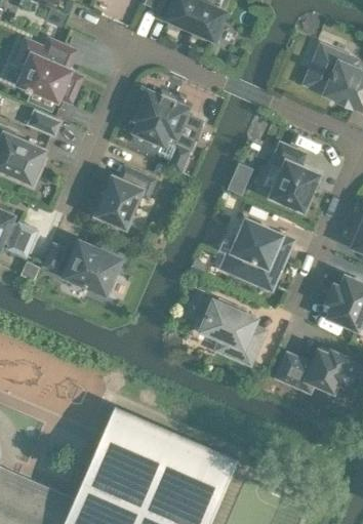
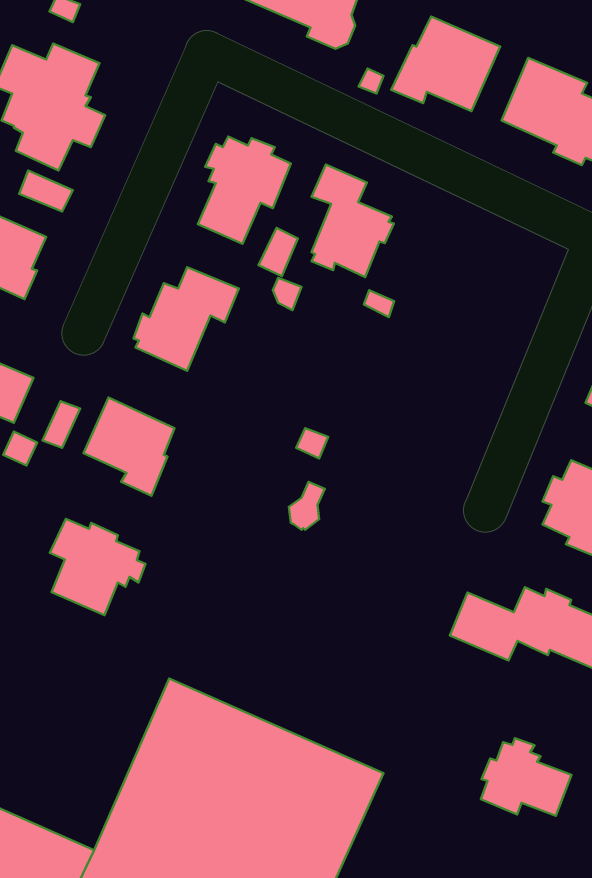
building: none -> [391,16,500,111]
building: [272,145,319,209] -> [312,165,394,277]
building: [227,221,287,289] -> none
building: [201,299,259,363] -> none
building: none -> [50,519,146,615]
building: none -> [481,738,571,816]

